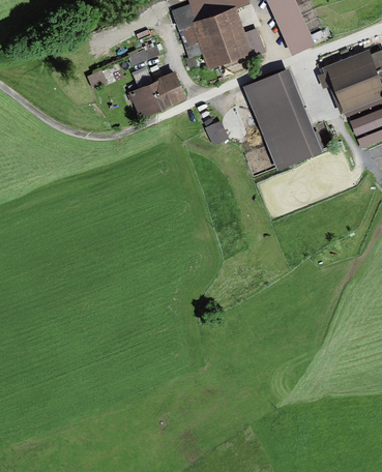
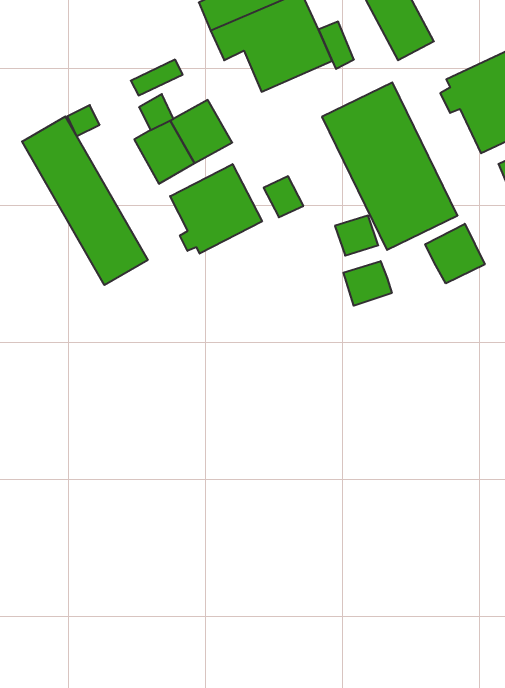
building: none -> [22,116,148,285]
building: none -> [170,164,262,254]
building: none -> [425,224,485,283]
building: none -> [343,261,392,306]

